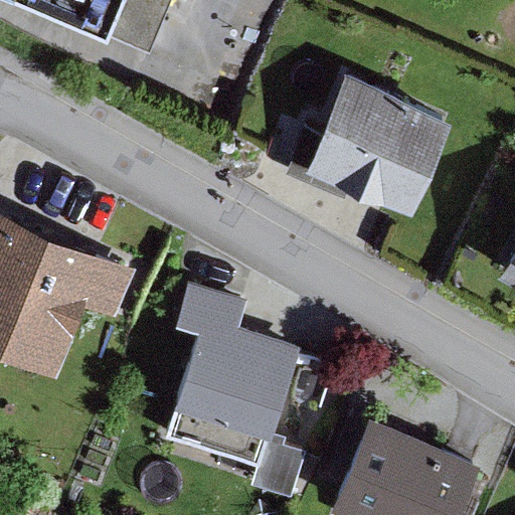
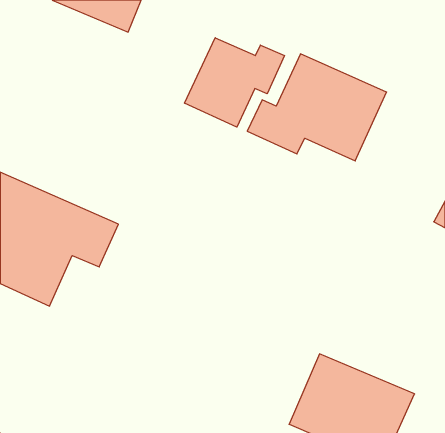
building: none -> [185,38,284,127]
building: [163,288,300,471] -> none

